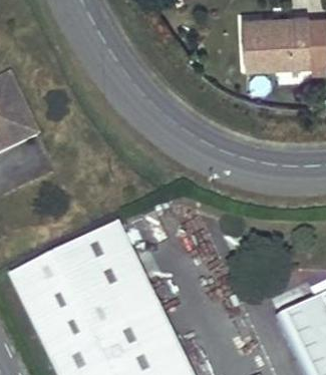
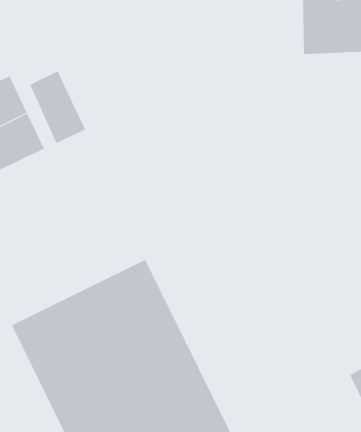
building: none -> [29,71,86,144]

